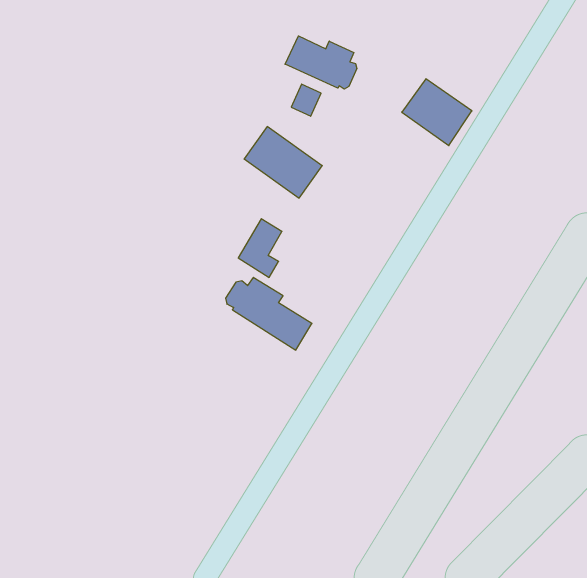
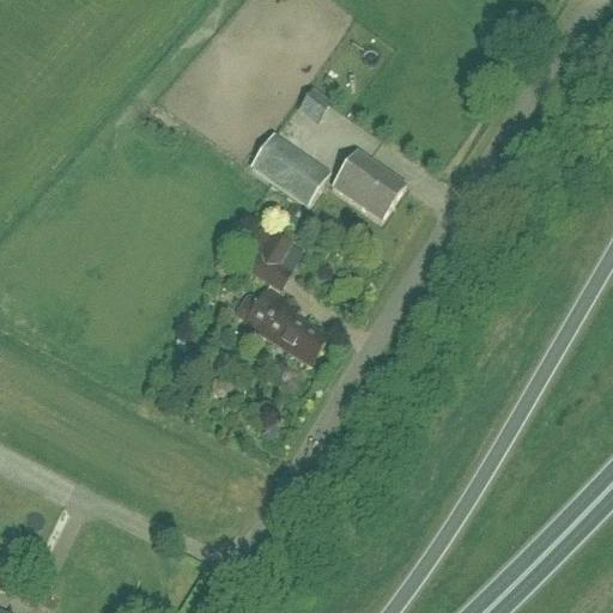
building: [285,36,357,89] -> none
building: [402,79,472,146] -> [329,150,402,219]

